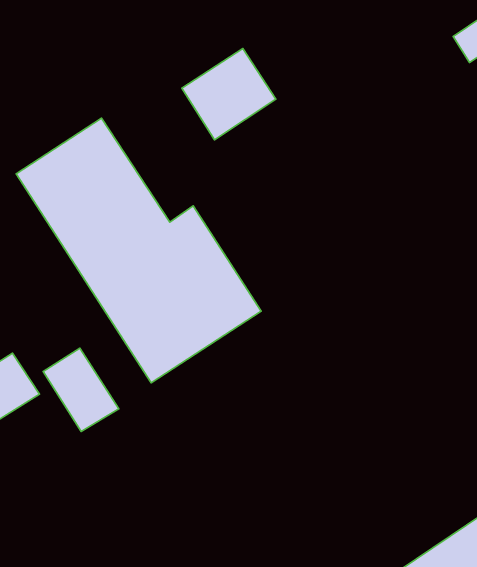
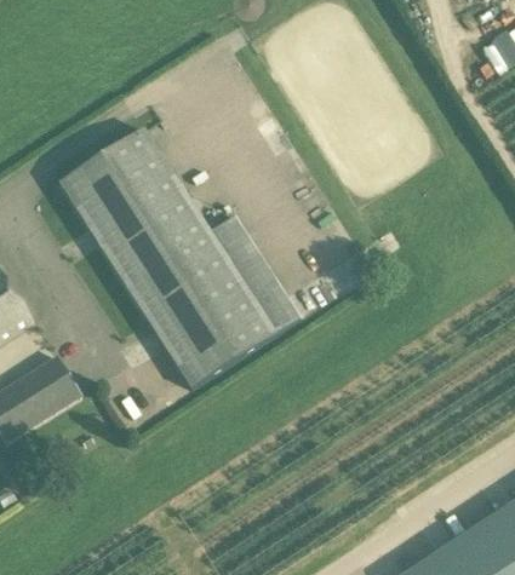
building: [182,49,276,140] -> none
building: [43,348,119,432] -> none

